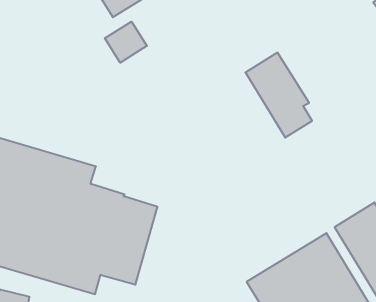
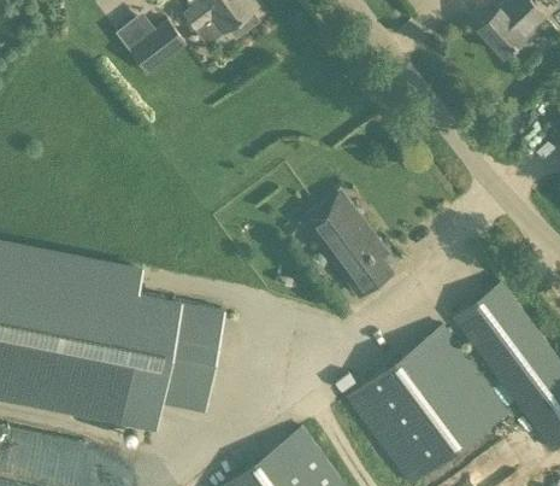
building: [105,22,147,63] -> none
building: [245,53,312,138] -> [302,192,393,299]

